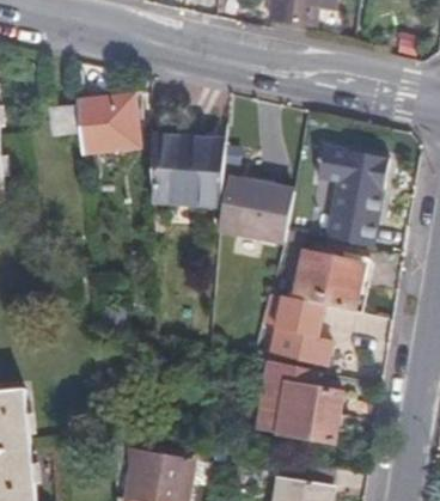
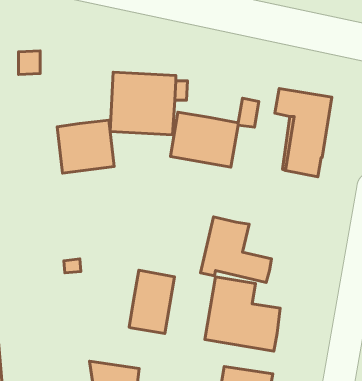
building: [74,94,138,153] -> [57,120,114,173]
building: [291,250,360,311] -> none
building: none -> [129,270,175,334]

